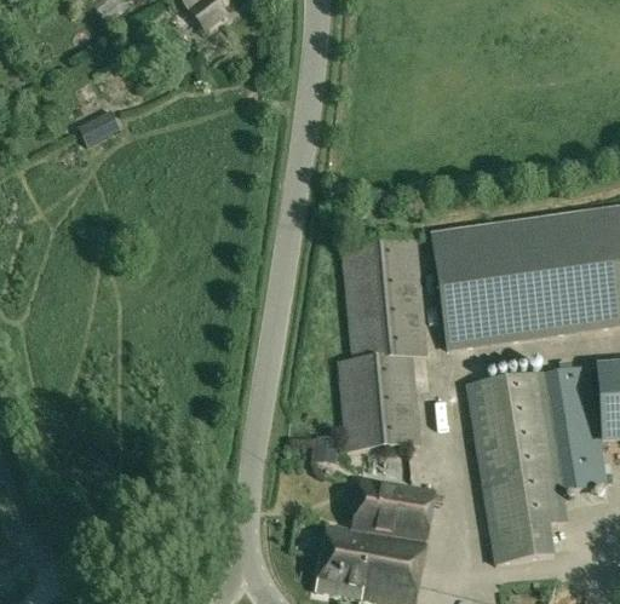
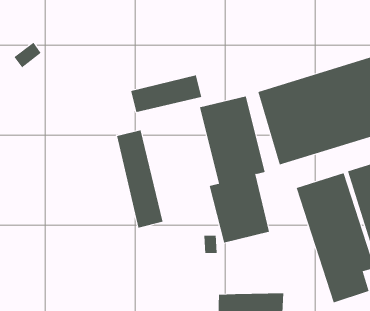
building: none -> [131,75,202,113]
building: none -> [117,130,163,228]
building: [352,477,434,537] -> none

